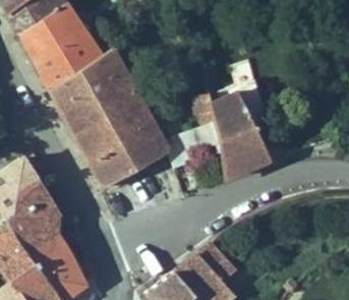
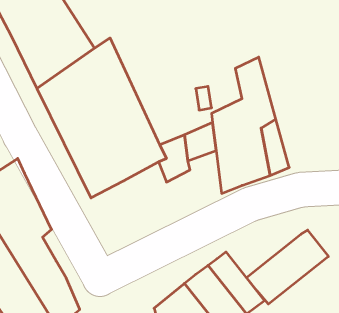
building: none -> [246,230,328,304]

